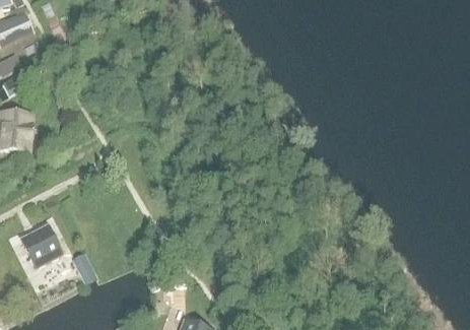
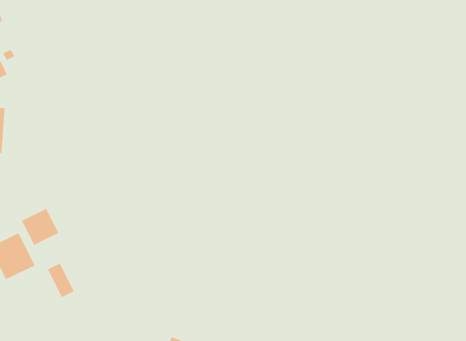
building: none -> [21,208,60,246]

